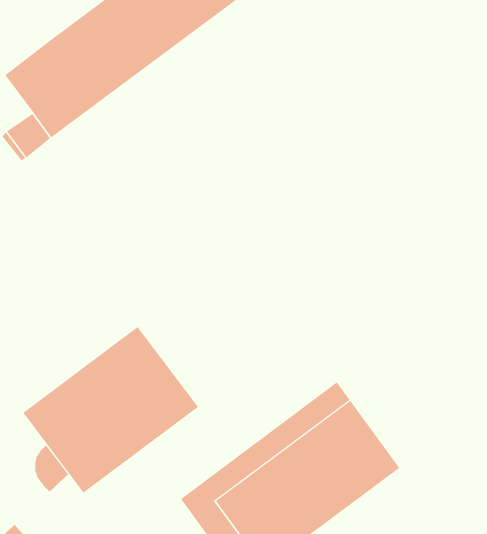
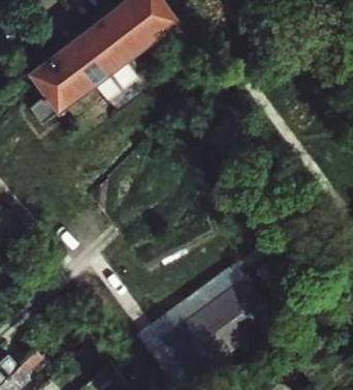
building: [22,326,199,493] -> none

